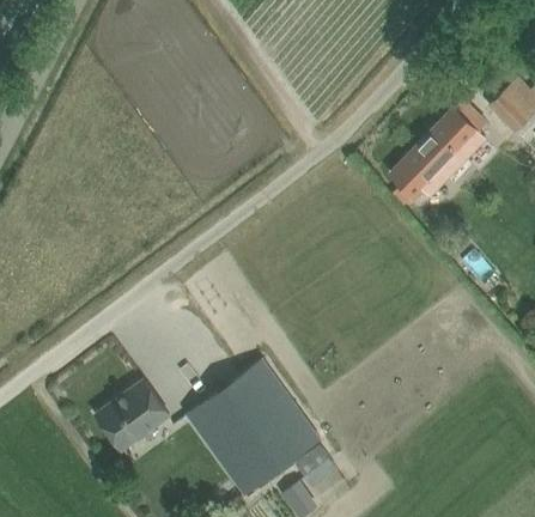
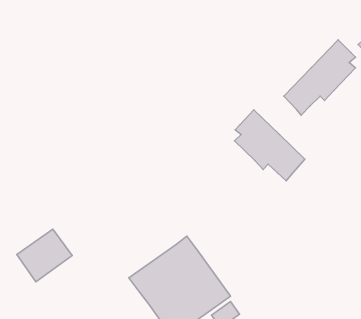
building: none -> [234,110,305,181]
building: [97,382,170,451] -> [17,229,72,282]

